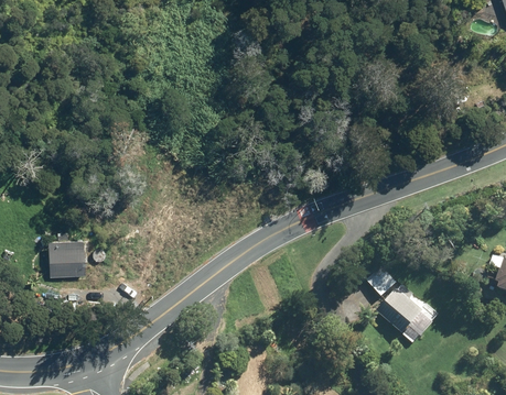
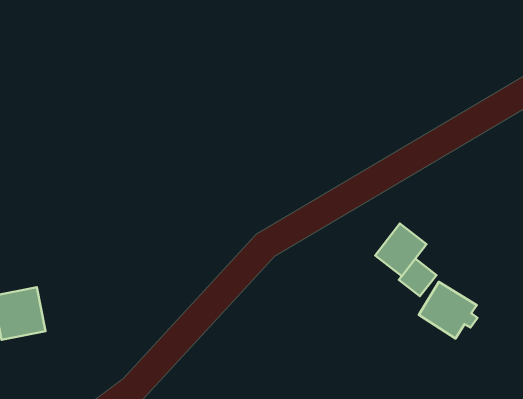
building: none -> [375,224,426,276]

